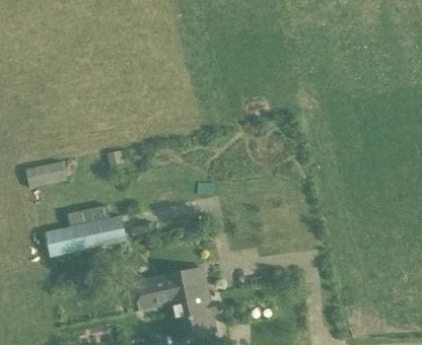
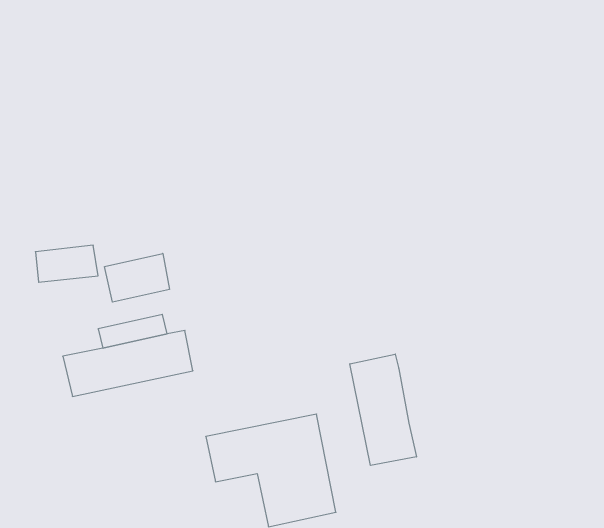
building: none -> [105,253,169,302]
building: none -> [350,354,416,465]

